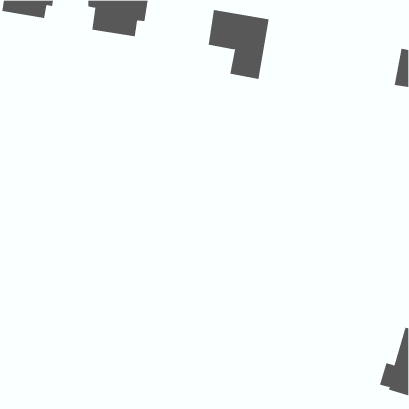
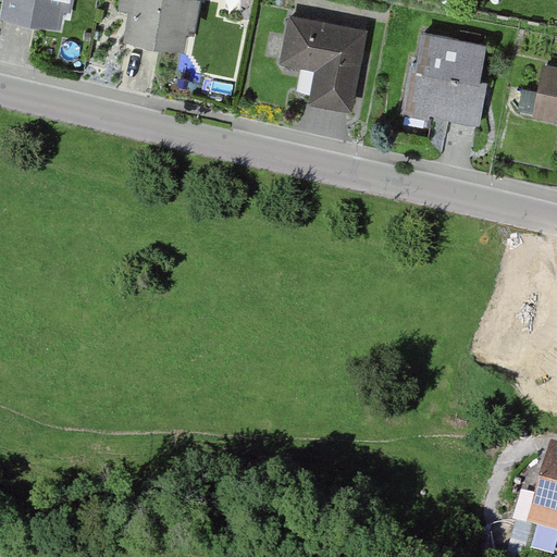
building: none -> [404,34,488,125]

